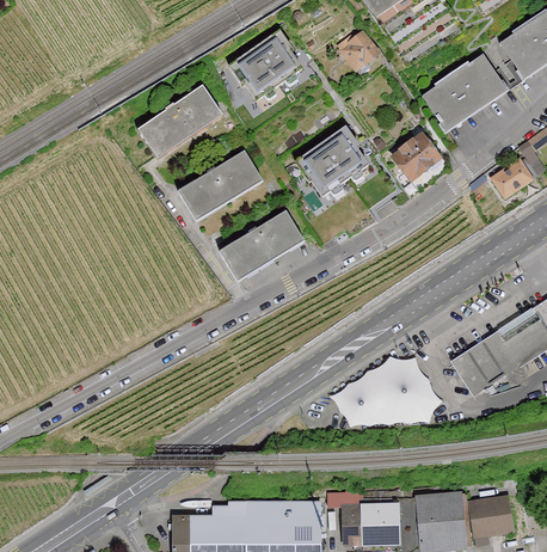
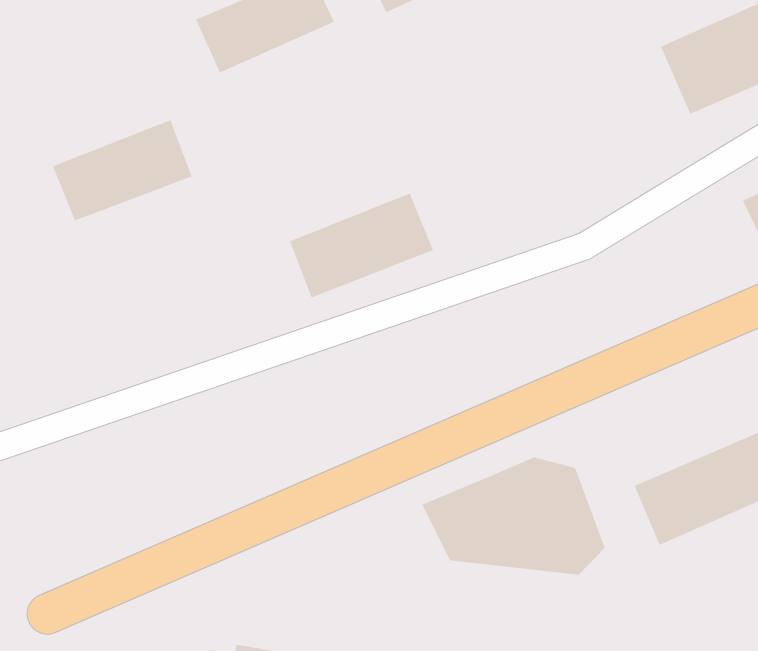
building: [295,128,365,196] -> none
building: [391,130,445,186] -> none
building: [177,148,263,220] -> [52,119,193,221]

